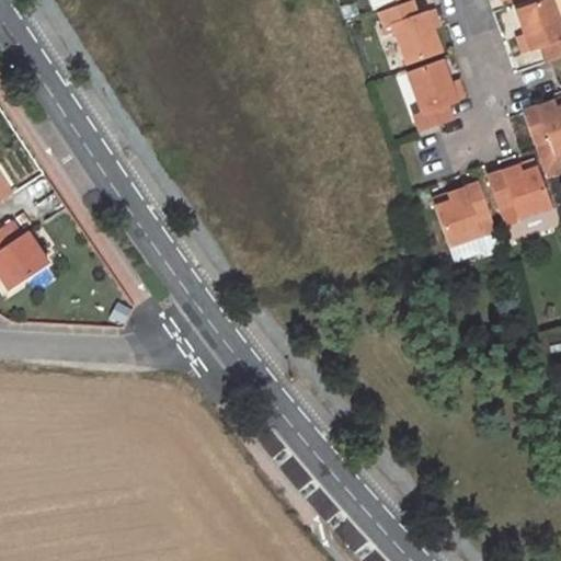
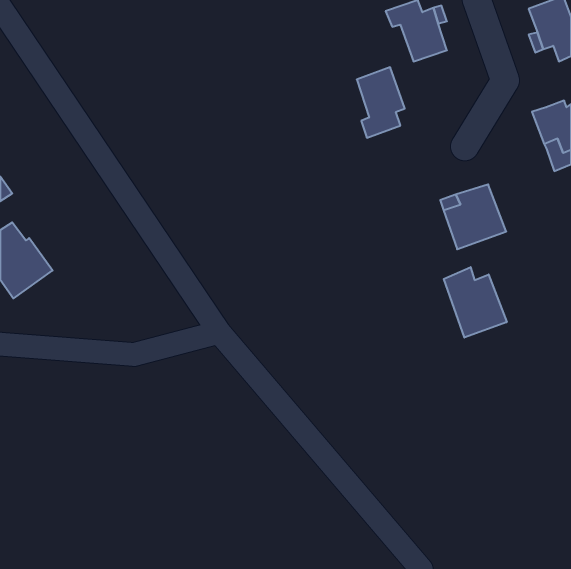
building: [408,59,455,128] -> [357,67,405,138]
building: [488,165,550,224] -> none
building: none -> [444,267,507,338]

